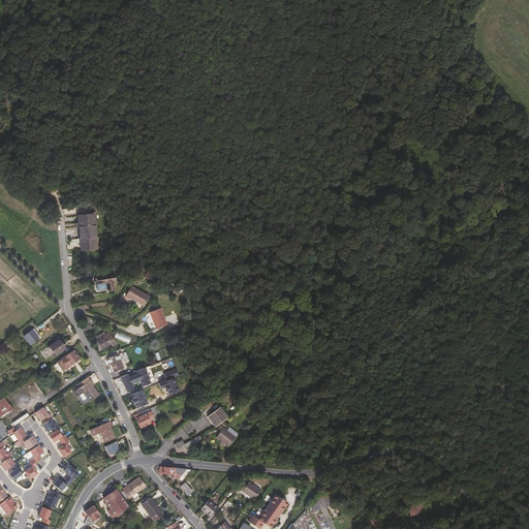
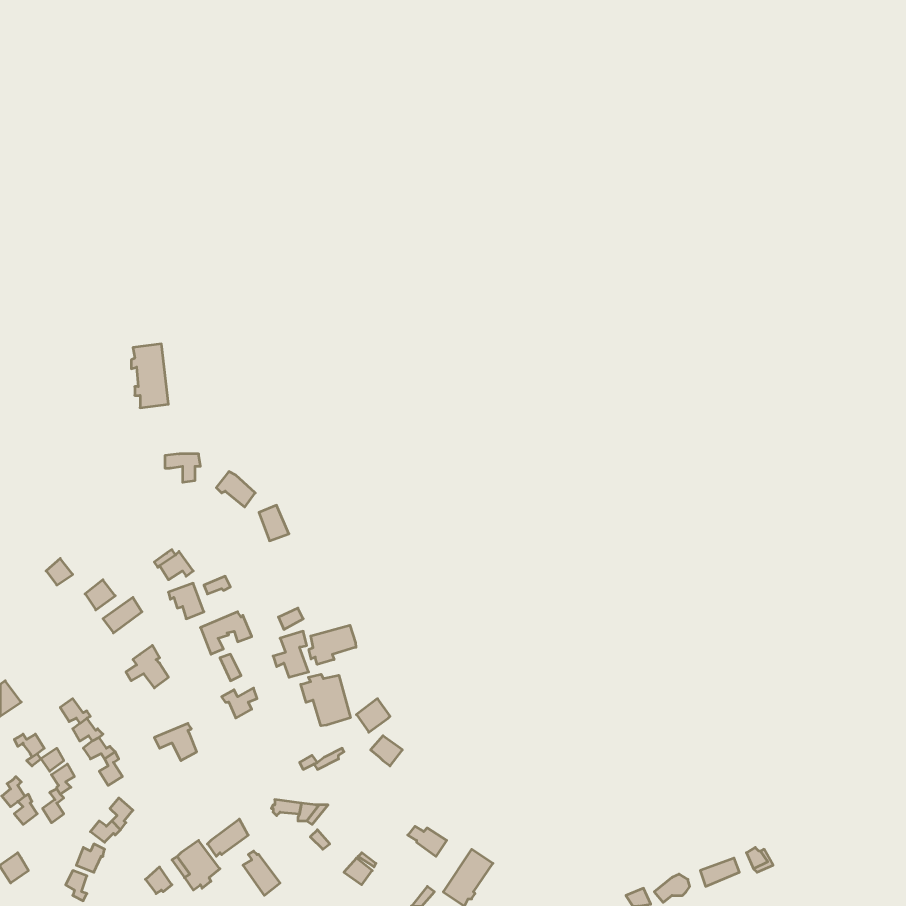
building: none -> [309,625,356,664]
building: none -> [301,674,350,726]

